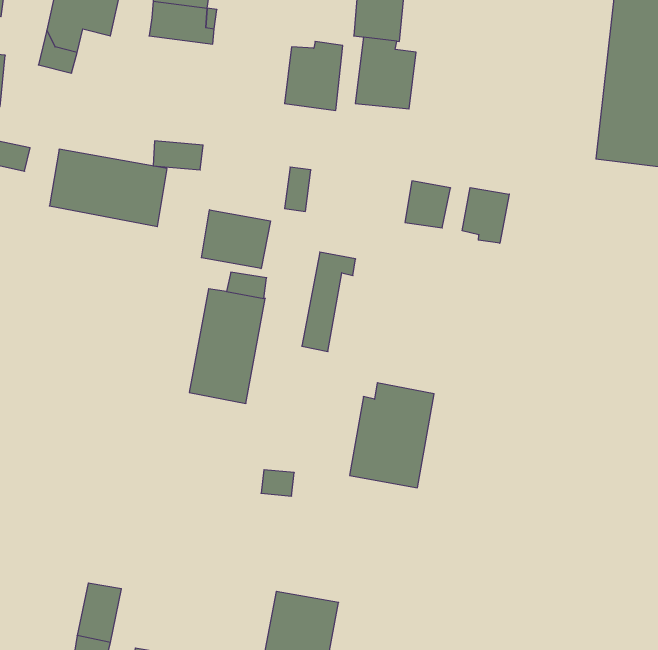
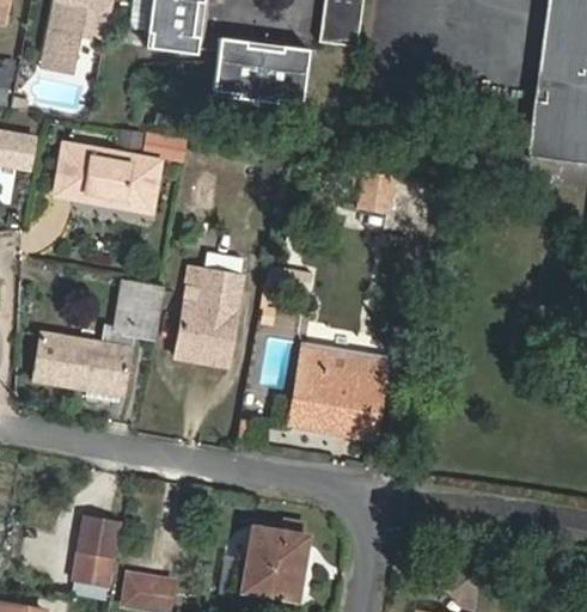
building: [355,37,416,109] -> [212,41,264,103]
building: [462,188,509,243] -> none
building: [201,210,270,269] -> none
building: [302,252,356,352] -> [292,338,338,424]
building: none -> [35,279,166,393]

